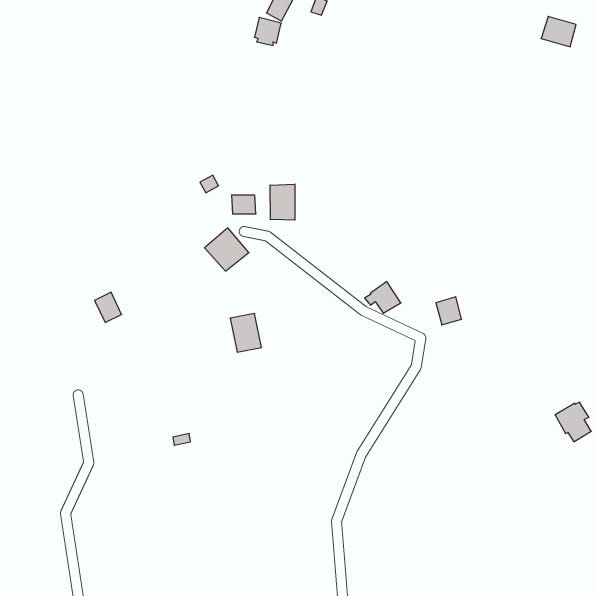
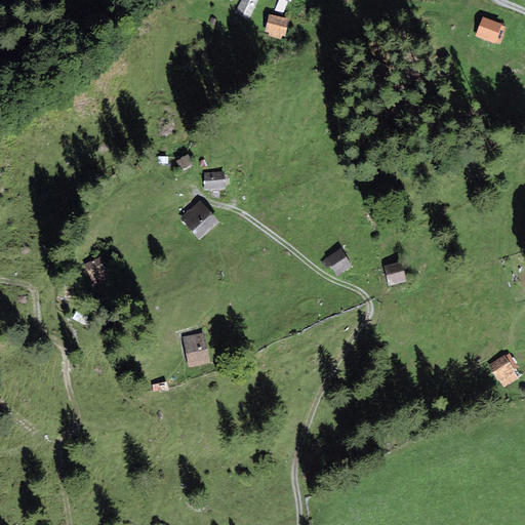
building: [254,17,281,45] -> [265,13,288,38]
building: [270,184,295,220] -> none
building: [230,314,262,352] -> [181,332,209,366]

